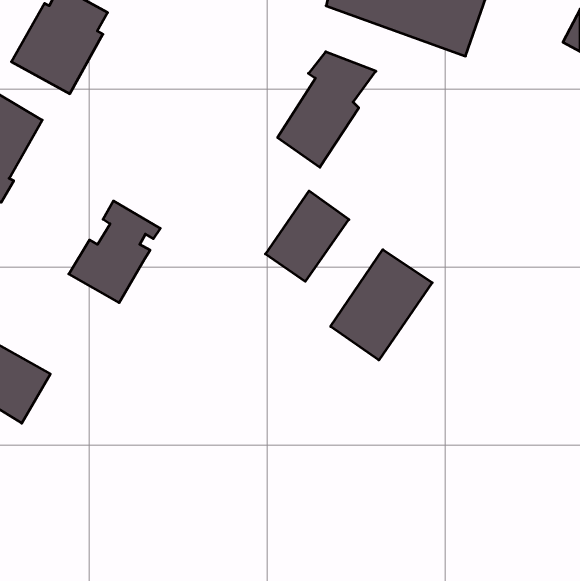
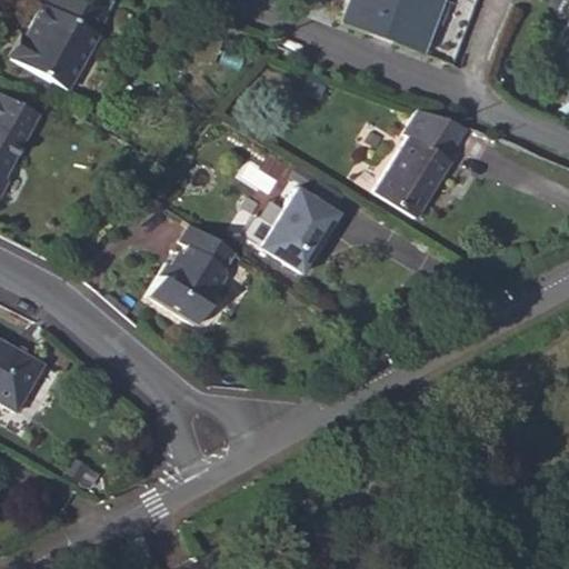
building: [278,52,376,167] -> [377,108,472,220]
building: [69,201,160,303] -> [144,222,233,321]
building: [331,250,432,360] -> none

